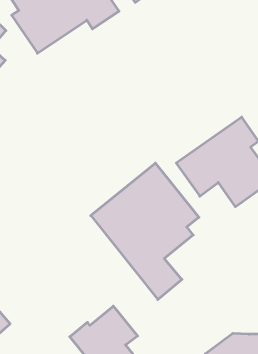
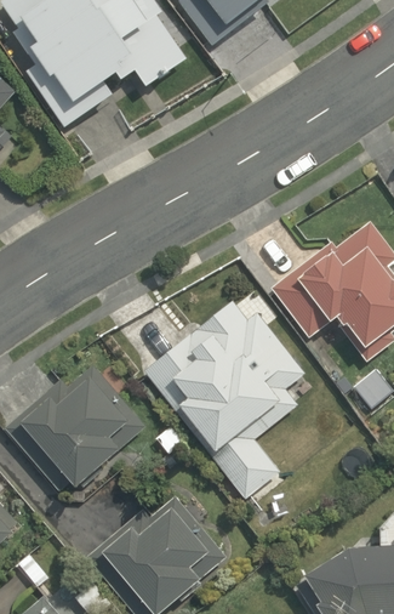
building: none -> [27,368,145,485]

